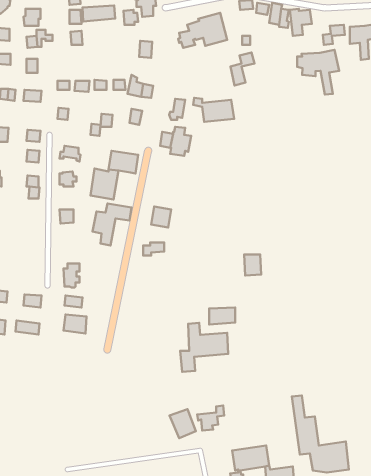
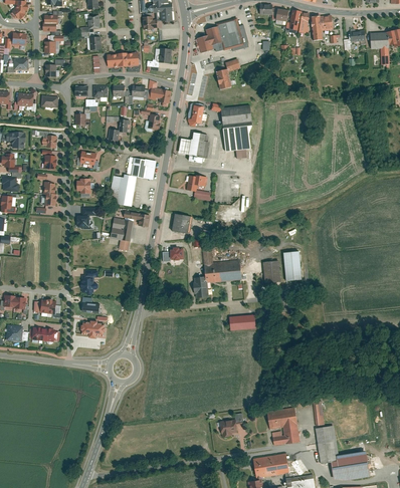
building: [82,6,115,22] -> [106,51,139,67]
building: [297,50,339,95] -> none
building: [230,52,254,85] -> [215,57,239,90]
building: none -> [223,125,253,158]
building: none -> [186,175,211,201]
building: none -> [283,251,303,282]
building: [180,323,228,372] -> [194,249,242,298]
building: none -> [266,408,299,446]
building: [169,409,196,438] -> none

